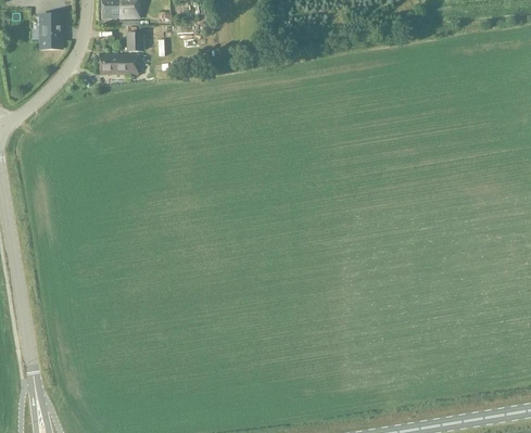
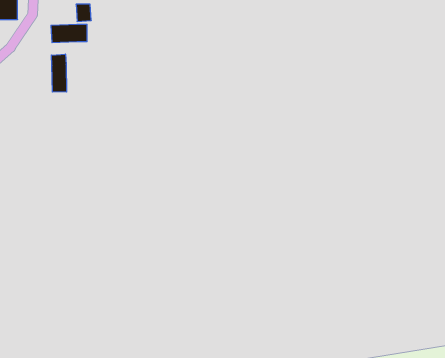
building: none -> [51,54,67,92]

